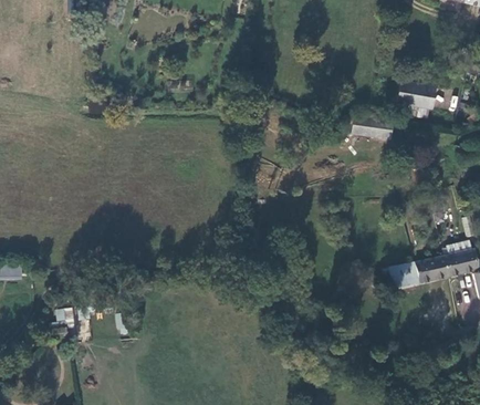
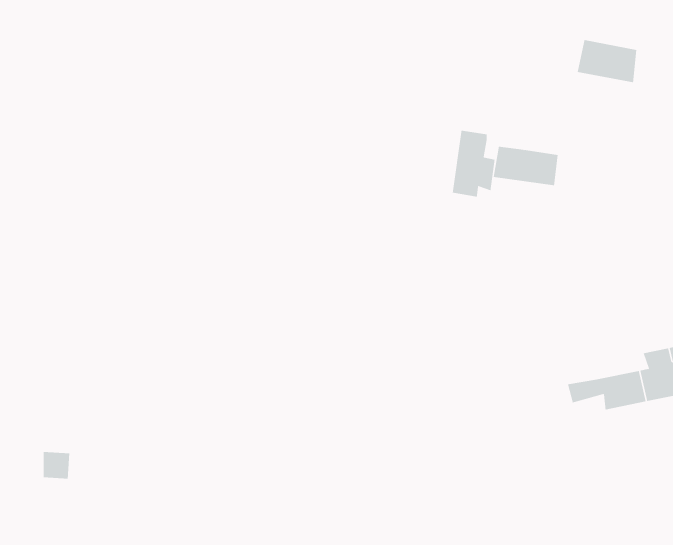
building: [396,80,435,107] -> [577,40,637,83]
building: none -> [452,130,495,197]

